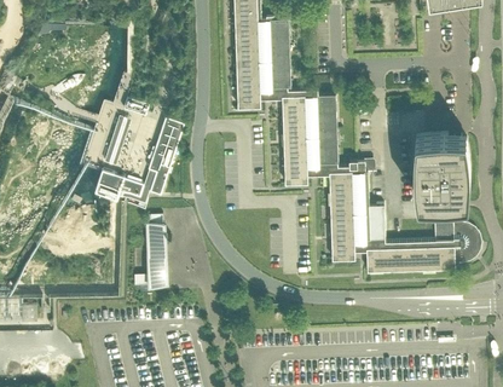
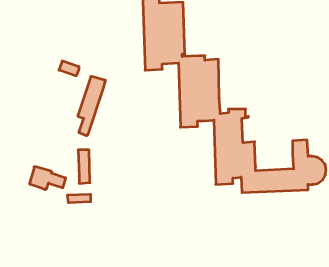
building: [414,135,469,204] -> none
building: [94,172,143,202] -> [30,167,66,189]

